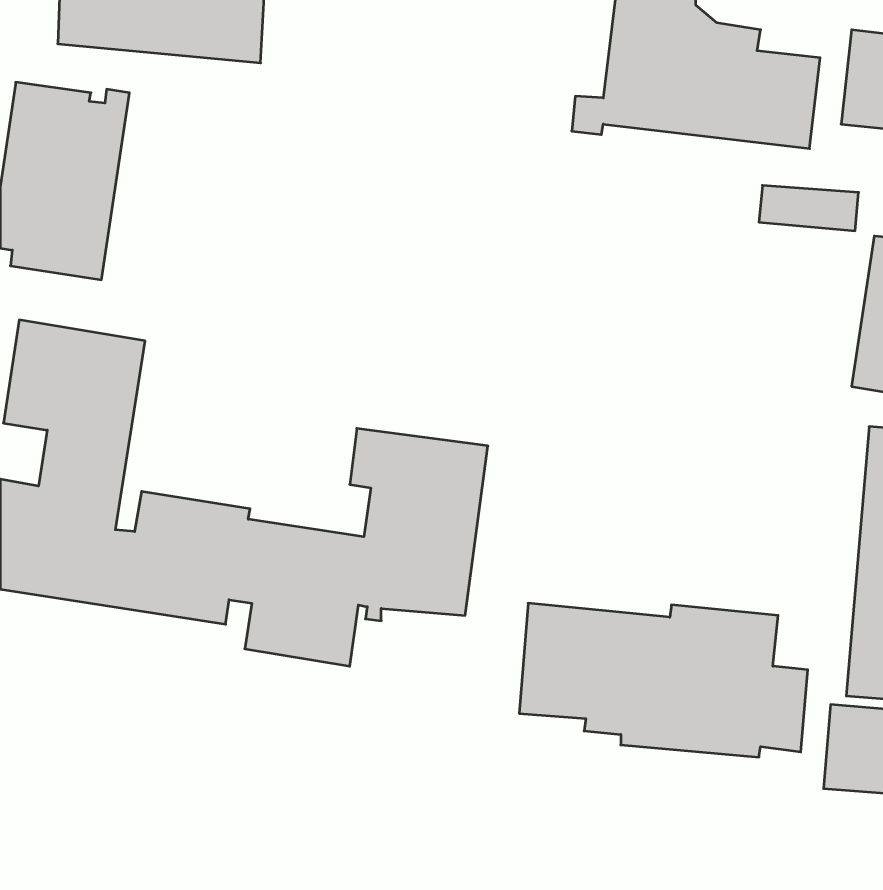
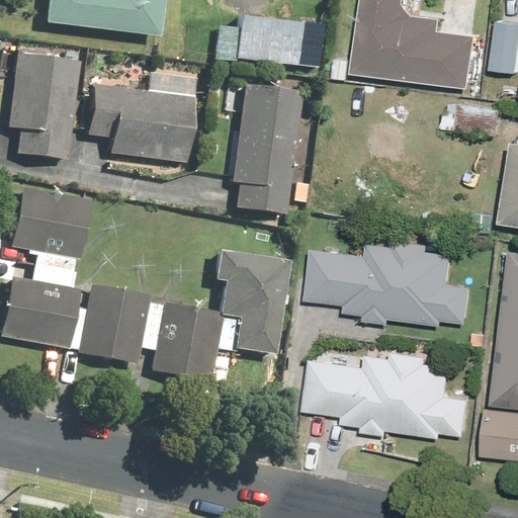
building: none -> [212,14,324,68]
building: none -> [84,69,195,164]
building: none -> [228,84,299,217]
building: none -> [309,236,471,325]

